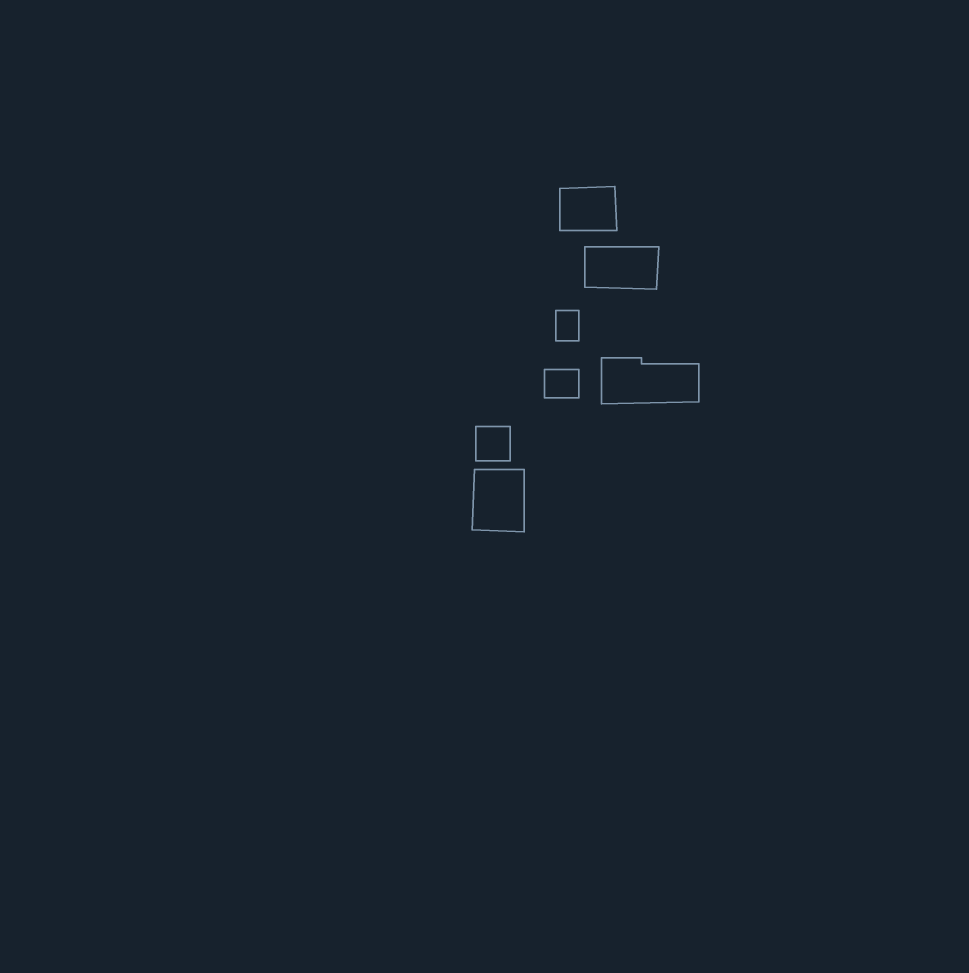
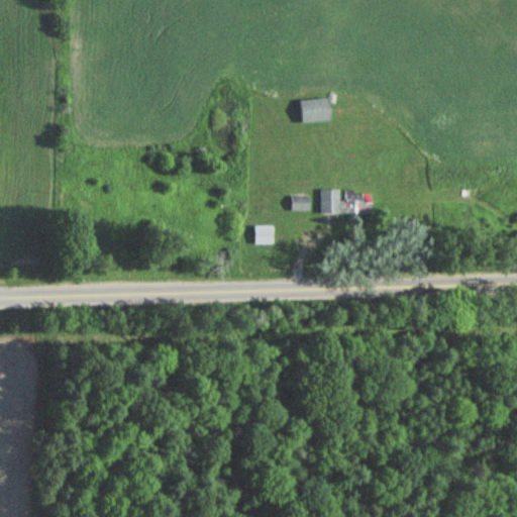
building: [585,247,659,289] -> none
building: [472,470,524,532] -> none

